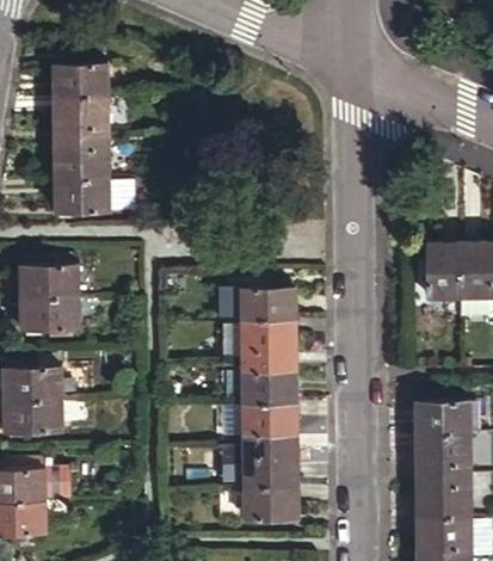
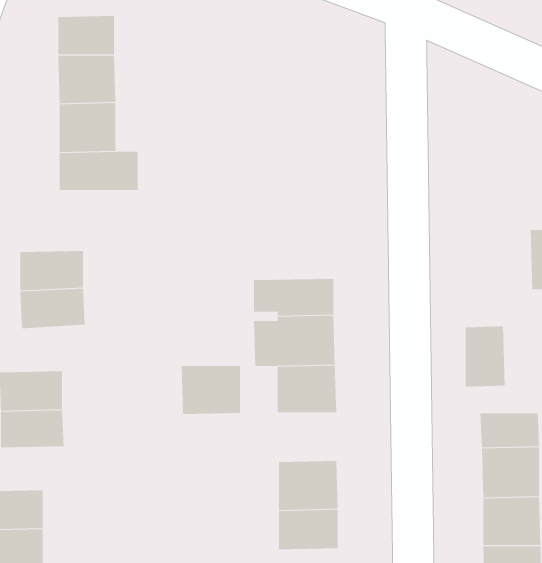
building: [426,247,461,300] -> [465,326,505,387]
building: [244,403,295,445] -> [181,366,241,415]

